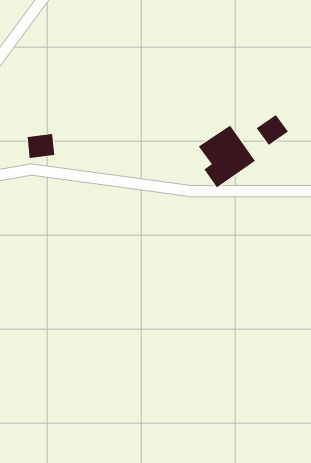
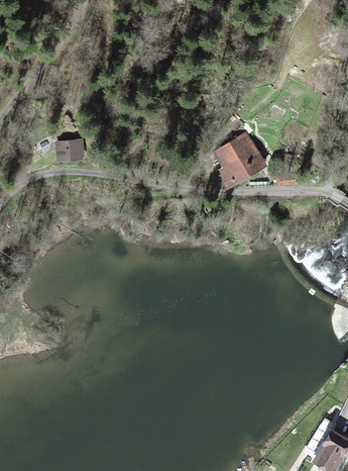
building: [256,114,289,146] -> none

